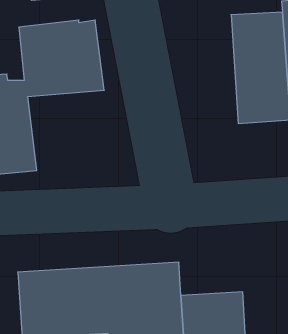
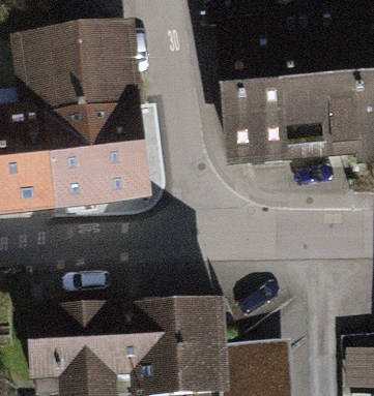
building: none -> [221,26,285,159]
building: none -> [41,113,139,205]

